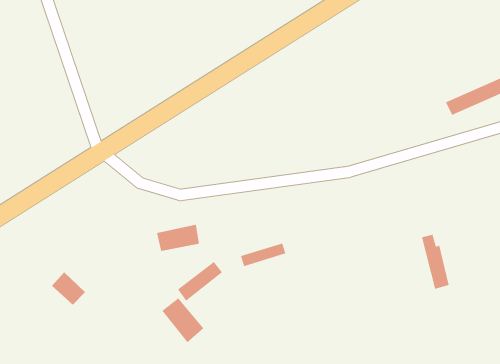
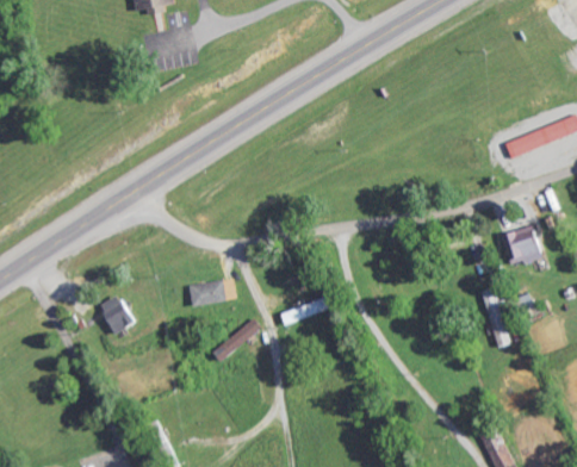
building: none -> [501,225,542,267]
building: [51,272,86,305] -> [99,295,137,332]
building: [162,298,204,343] -> none

